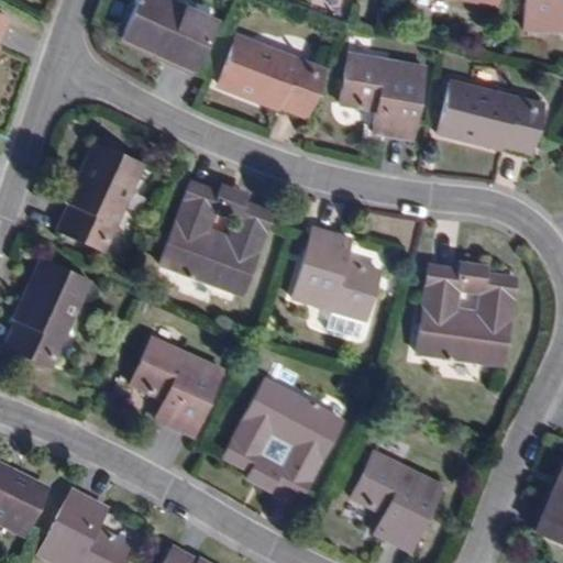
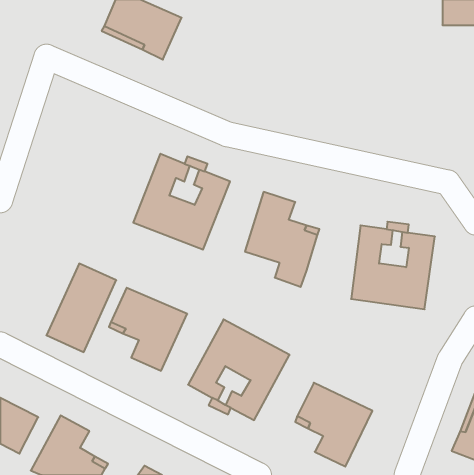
building: [219,34,323,114] -> none
building: [342,54,426,137] -> none
building: [439,82,542,154] -> none
building: [59,145,143,251] -> none
building: [7,261,89,365] -> [46,264,116,352]

